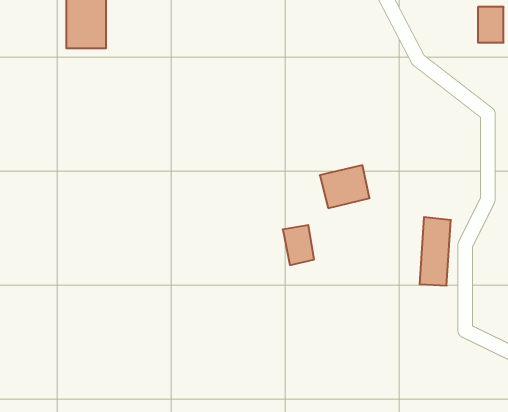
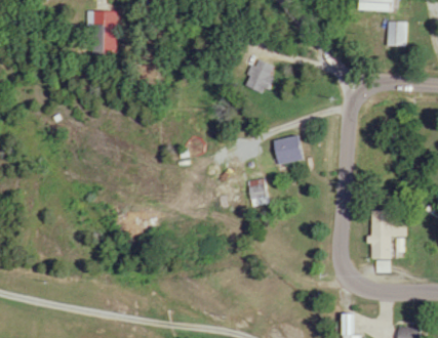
building: none -> [247,60,272,88]
building: [420,217,451,286] -> [372,209,395,258]

